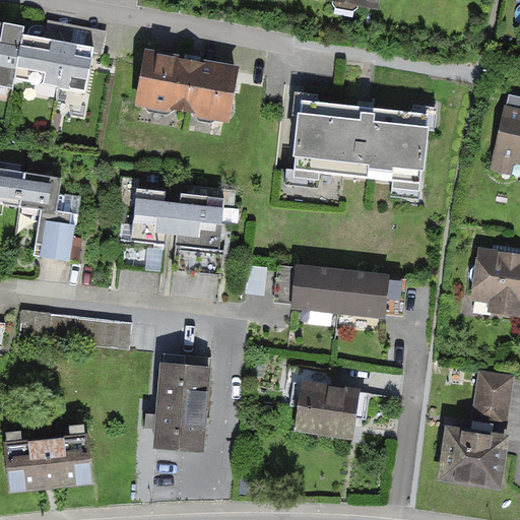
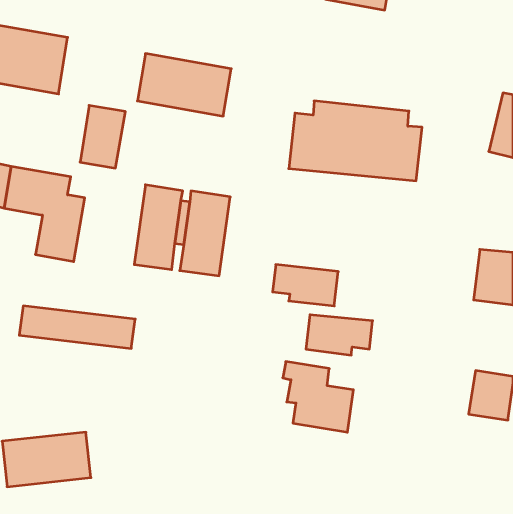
building: [59,38,105,101] -> [80,105,125,168]
building: [336,273,403,314] -> [306,315,373,355]
building: [153,352,208,450] -> none
building: [440,430,503,484] -> none

